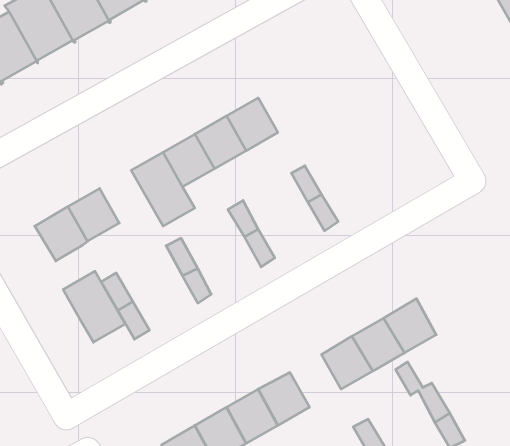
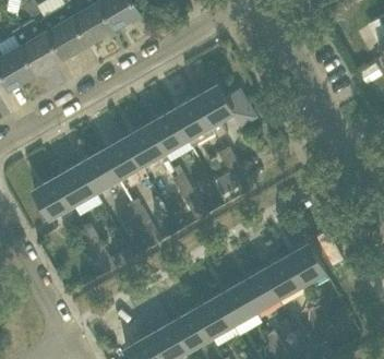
building: none -> [196,86,257,139]
building: [63,271,125,342] -> [82,152,127,203]
building: none -> [219,285,256,323]

